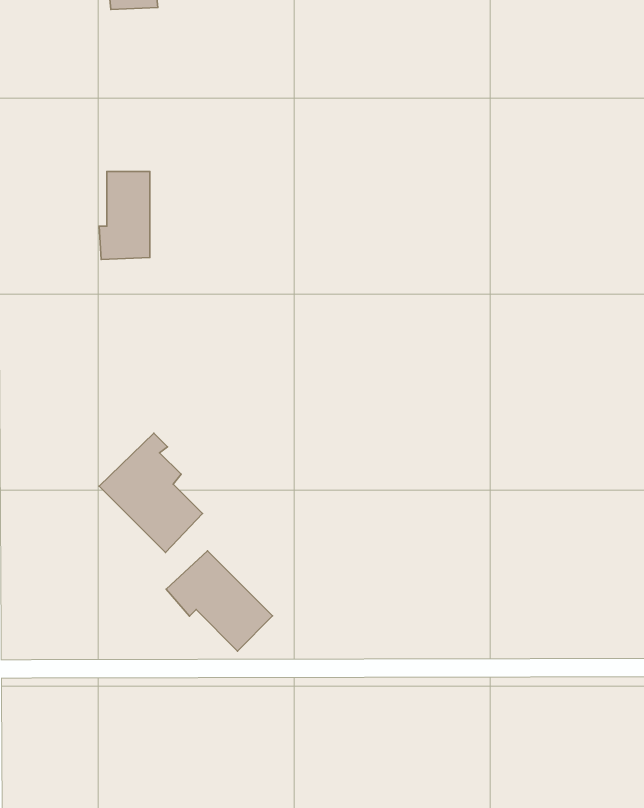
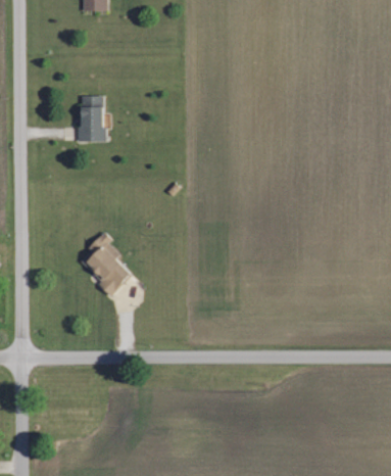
building: [166,551,273,651] -> none

